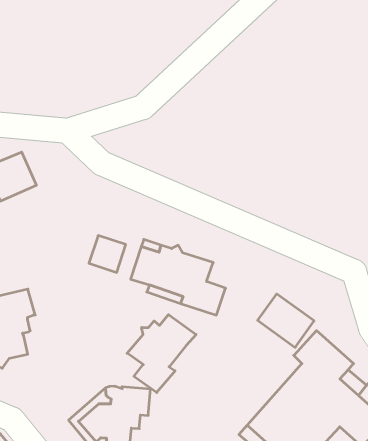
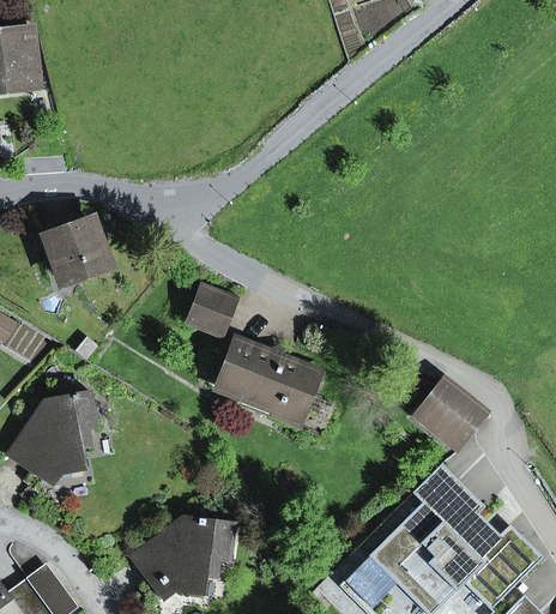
building: [89,236,126,272] -> [188,287,235,333]
building: [258,294,314,347] -> [418,378,488,445]
building: [127,315,196,393] -> none

